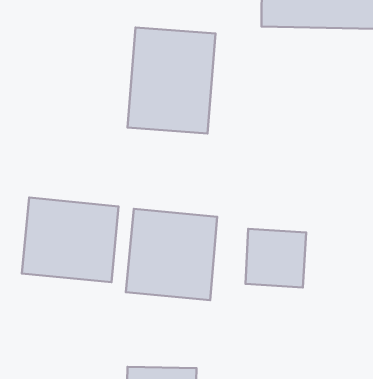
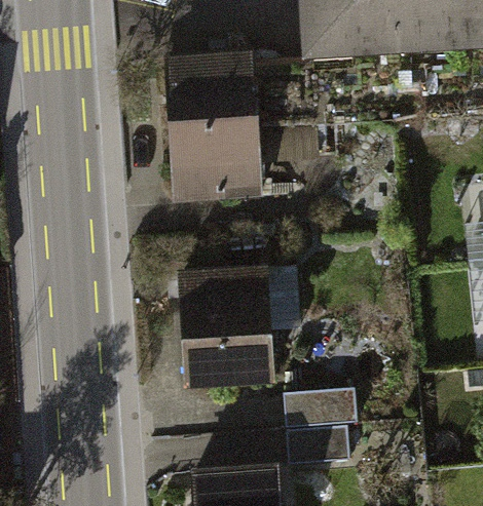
building: [22,198,119,282] -> none
building: [245,229,306,287] -> [286,385,357,452]

